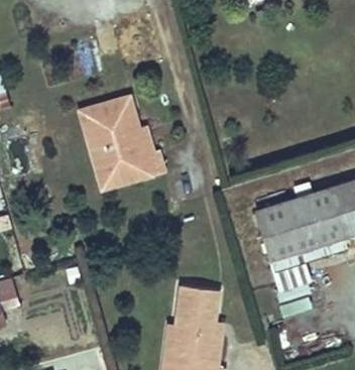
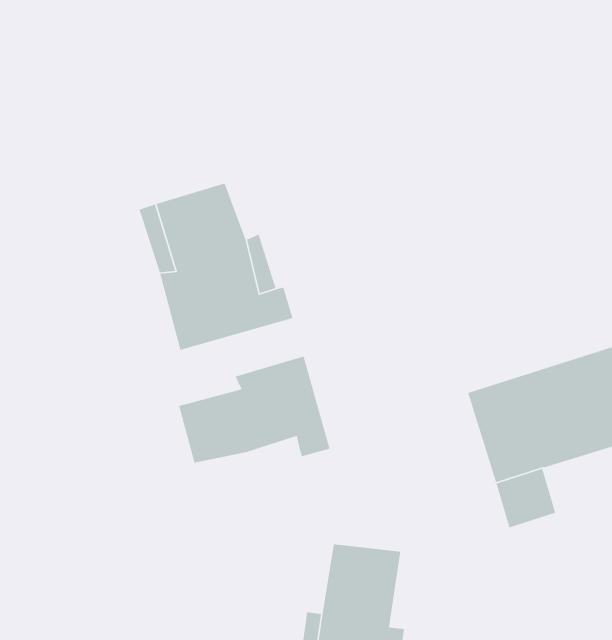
building: none -> [178,356,331,464]

